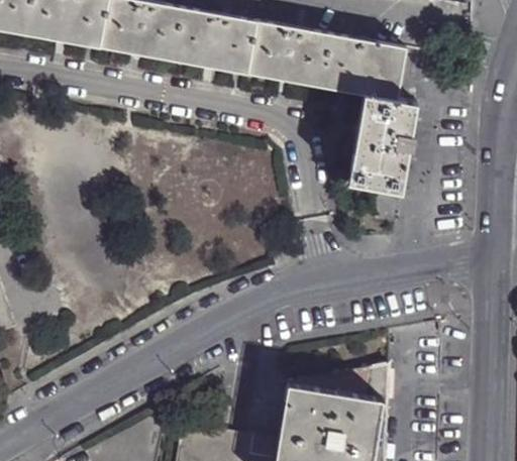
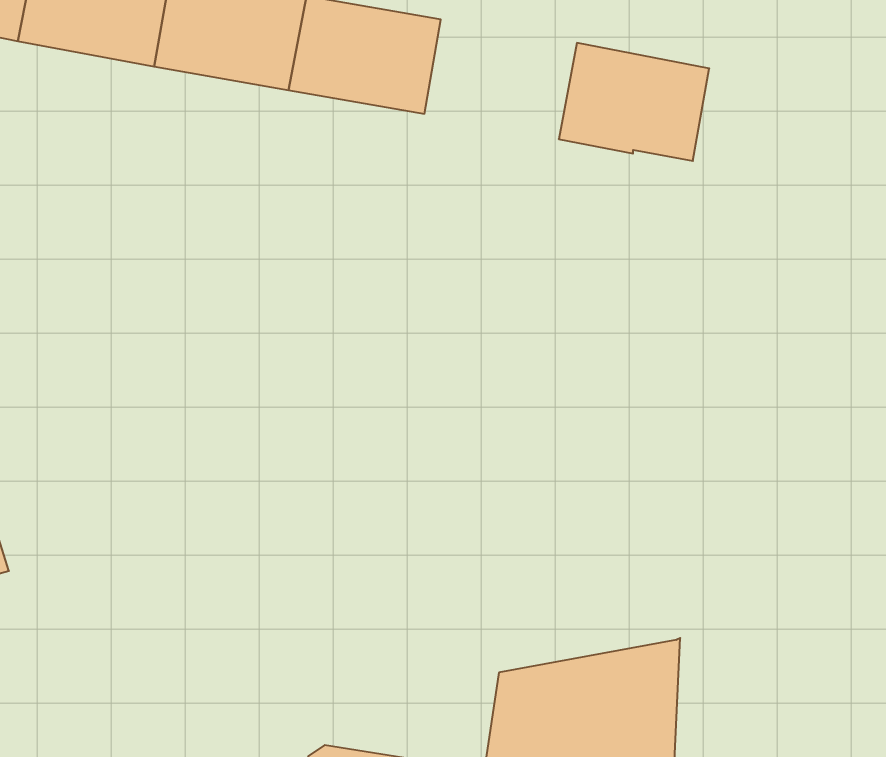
building: [246,22,331,89] -> none
building: [348,95,416,194] -> none

